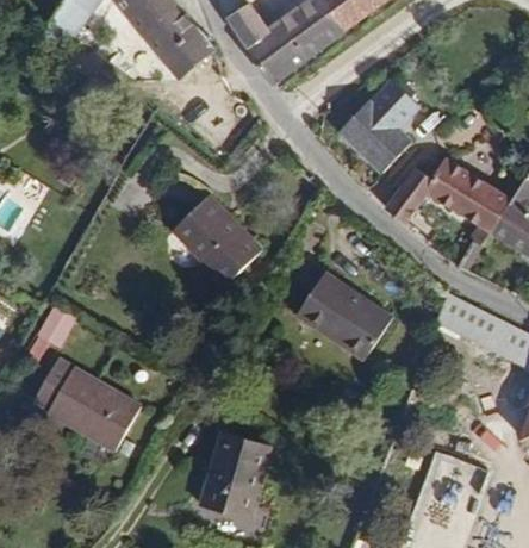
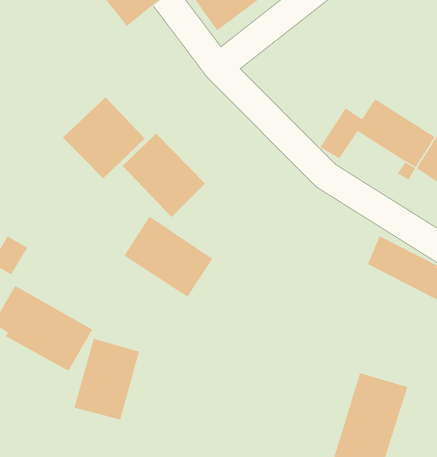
building: [338,79,421,172] -> none
building: none -> [62,97,145,179]
building: [297,272,393,360] -> [124,216,213,298]
building: [200,430,272,518] -> [73,338,140,420]

